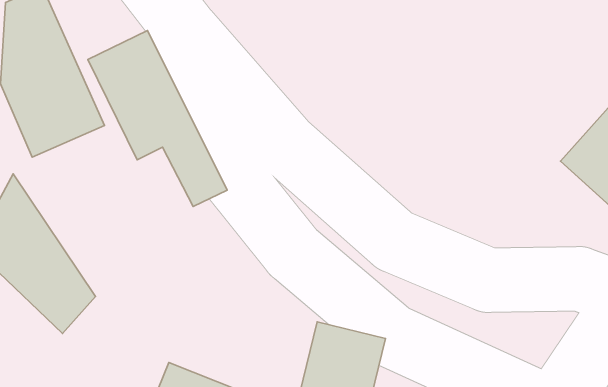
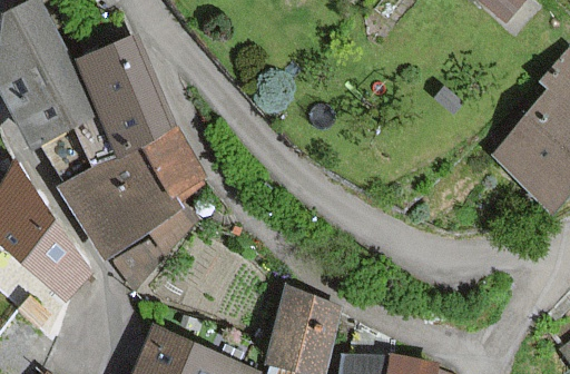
building: none -> [62,147,196,283]

